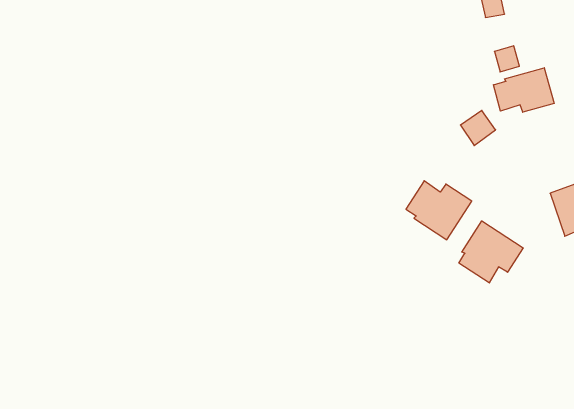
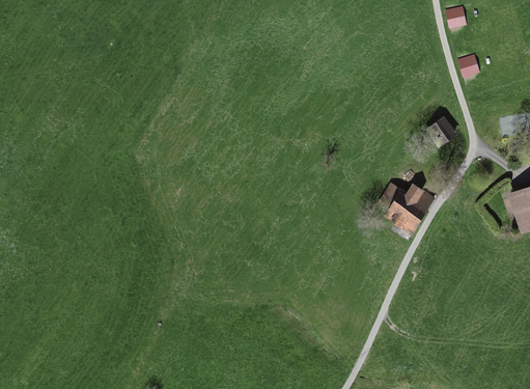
building: [493,68,554,112] -> none
building: [459,221,523,283] -> none

